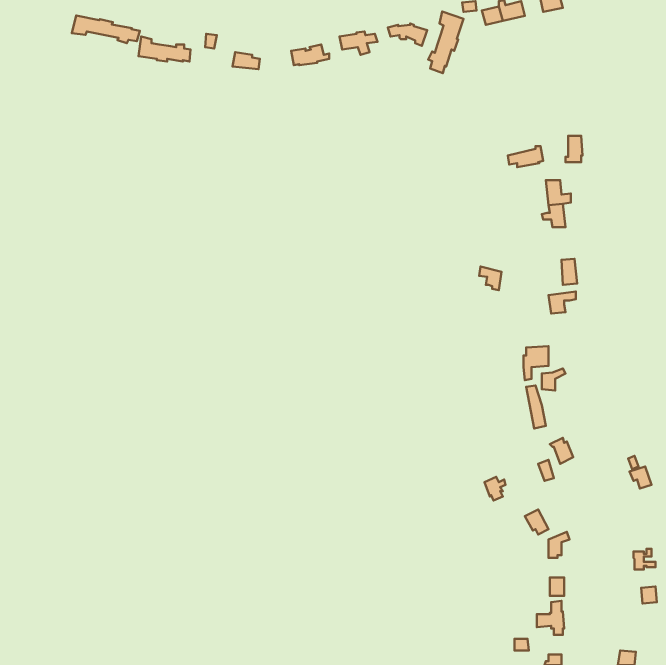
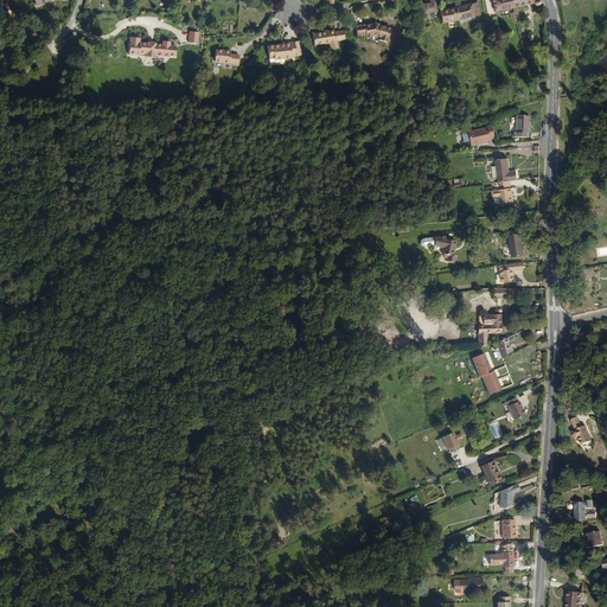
building: [428,11,463,73] -> none
building: [72,15,140,43] -> none

